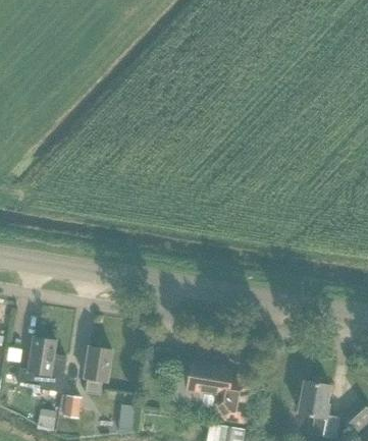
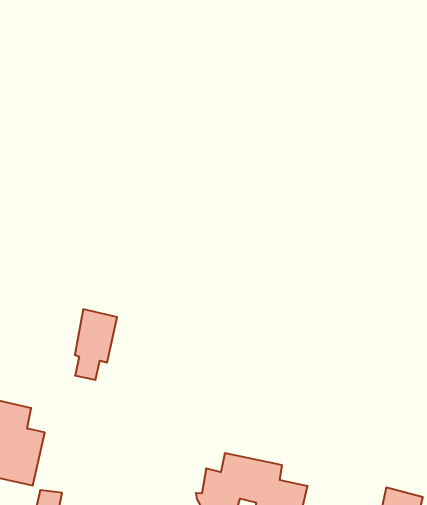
building: [85,345,112,393] -> [75,309,117,380]

